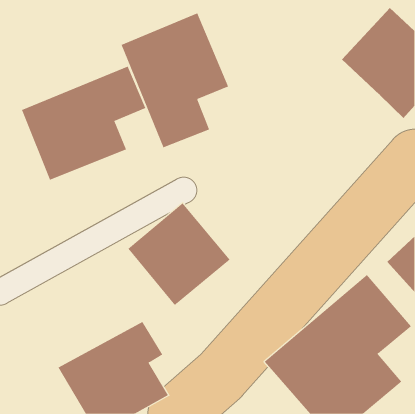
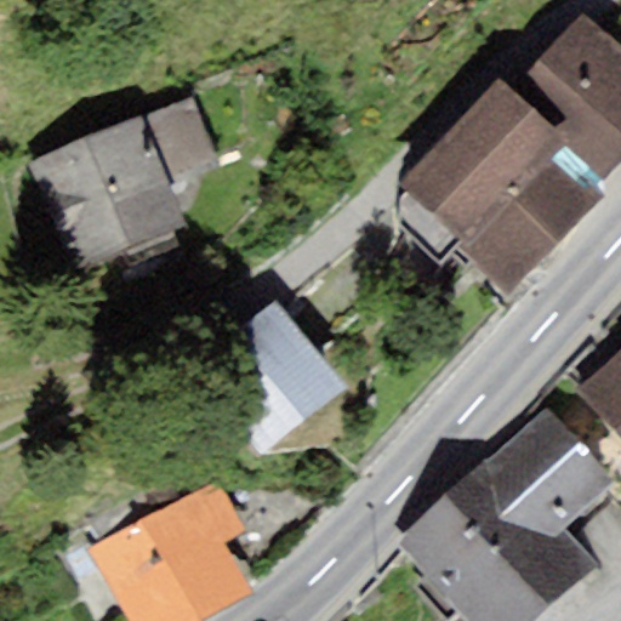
building: [121,13,229,148] -> none
building: none -> [397,78,597,291]

